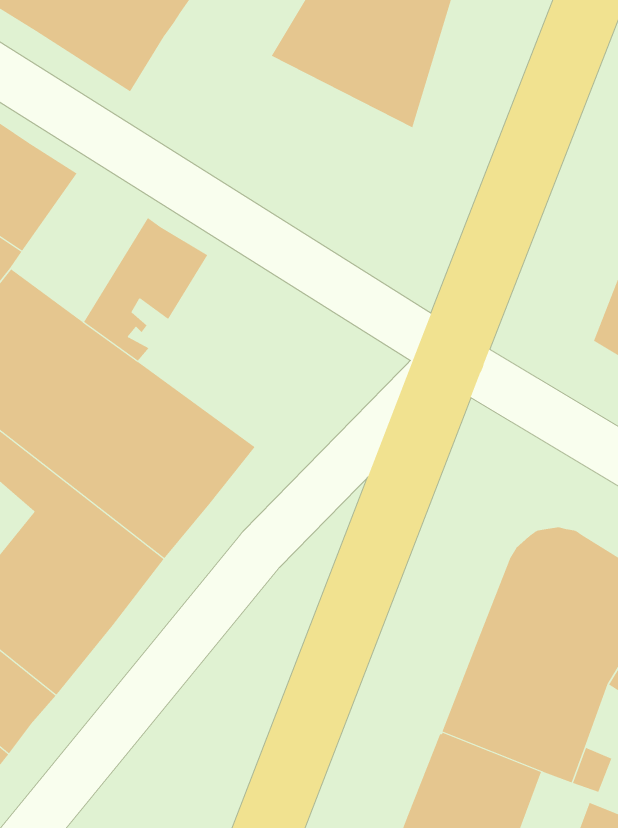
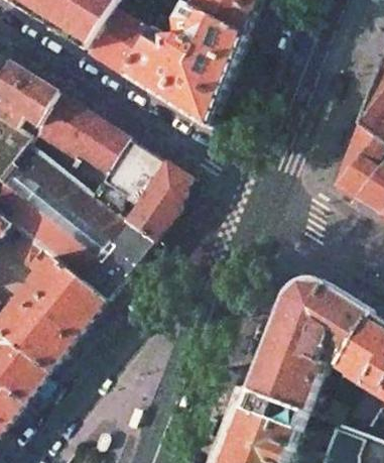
building: none -> [86,8,236,124]
building: none -> [22,94,95,172]
building: none -> [90,137,188,239]

